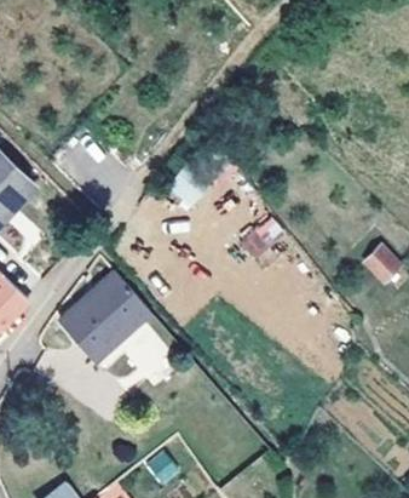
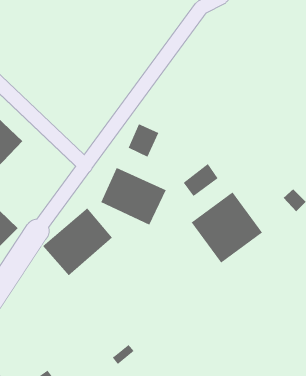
building: none -> [100,167,166,226]
building: none -> [191,192,263,264]

